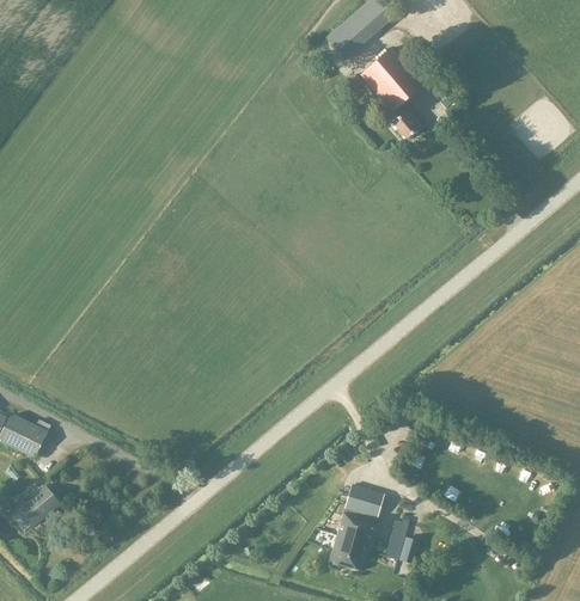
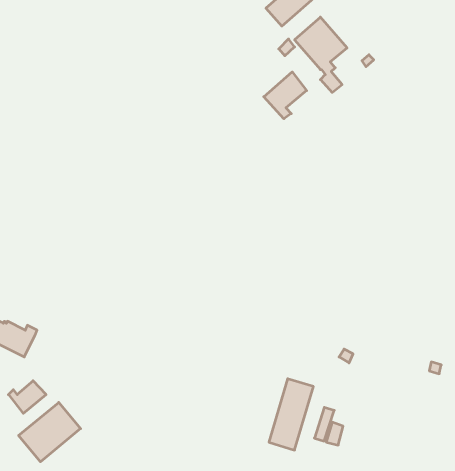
building: none -> [264,72,307,119]
building: none -> [19,402,81,462]

